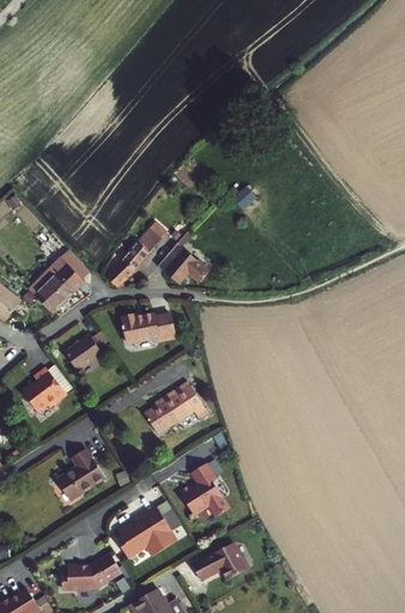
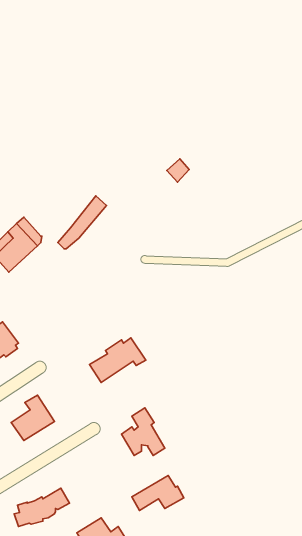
building: [157,236,208,284] -> none
building: [121,312,176,344] -> none
building: [65,332,109,370] -> none
building: [117,510,176,562] -> none

